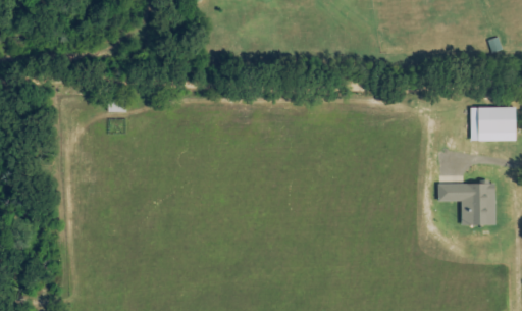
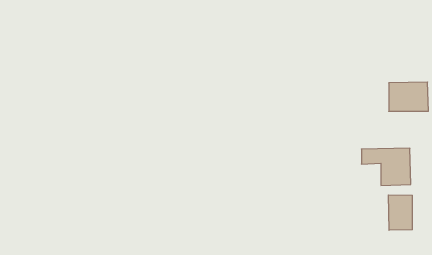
building: none -> [388,195,412,230]

